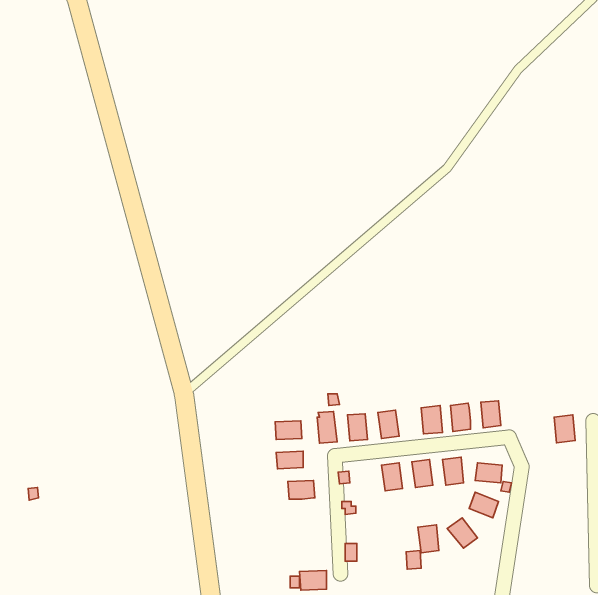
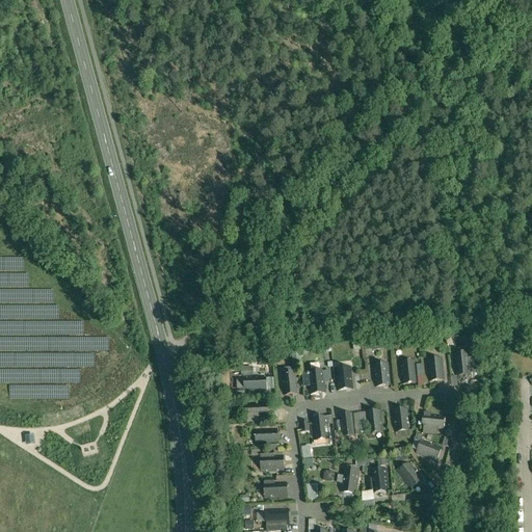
building: [554,415,575,443] -> [453,350,472,375]
building: none -> [312,415,330,440]
building: none -> [261,454,286,471]
building: none -> [340,464,361,494]
building: none -> [264,481,289,498]

